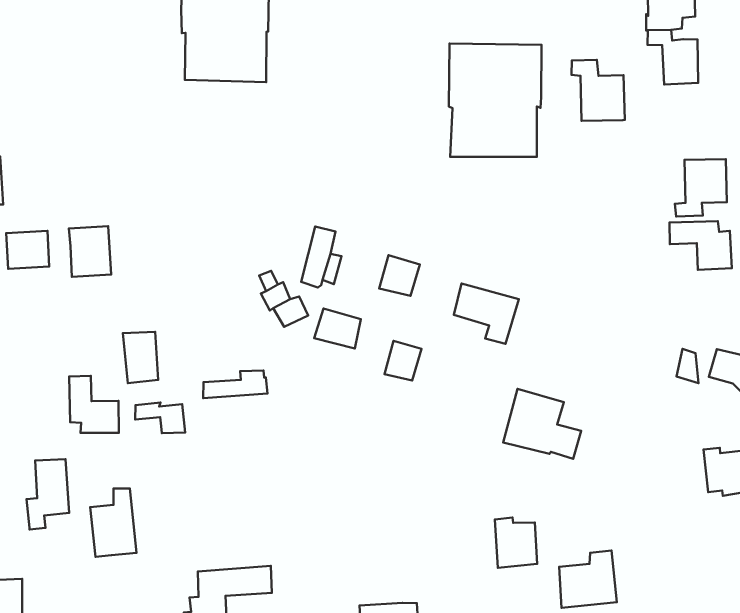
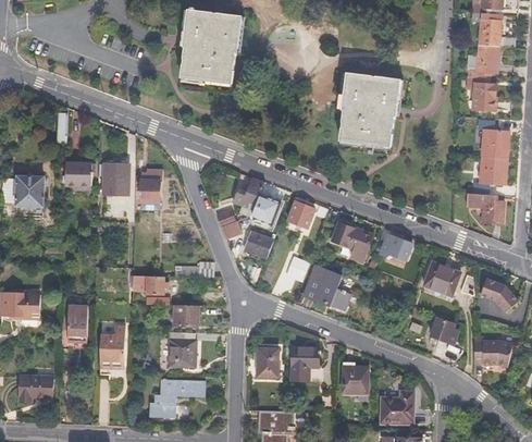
building: [571,60,625,121] -> [478,123,509,162]
building: none -> [382,232,412,257]
building: none -> [424,260,460,294]
building: [123,332,158,383] -> [140,179,160,209]
building: [69,376,119,433] -> none
building: [503,389,581,459] -> [302,261,350,307]
building: none -> [432,316,460,343]
building: none -> [174,304,198,324]
building: none -> [170,331,197,367]
building: none -> [289,347,318,381]
building: none -> [257,348,277,377]

